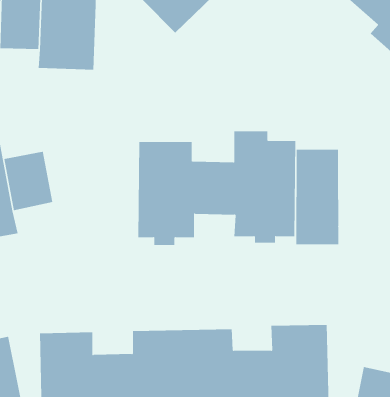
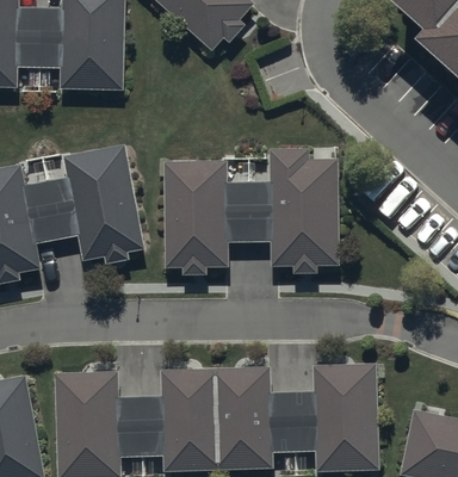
building: none -> [56,137,137,250]
building: [296,149,339,245] -> none

